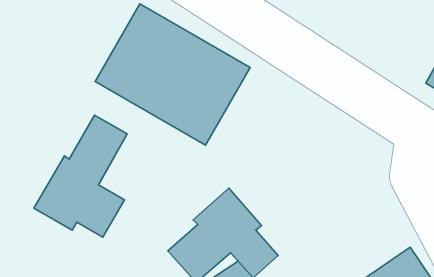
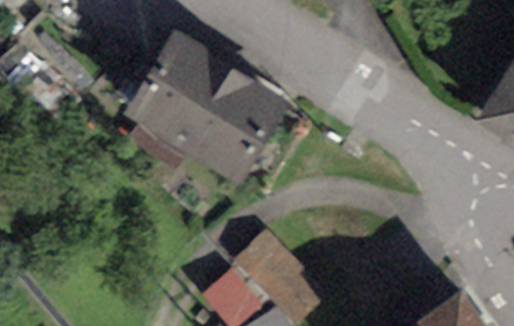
building: [34,115,127,237] -> none

